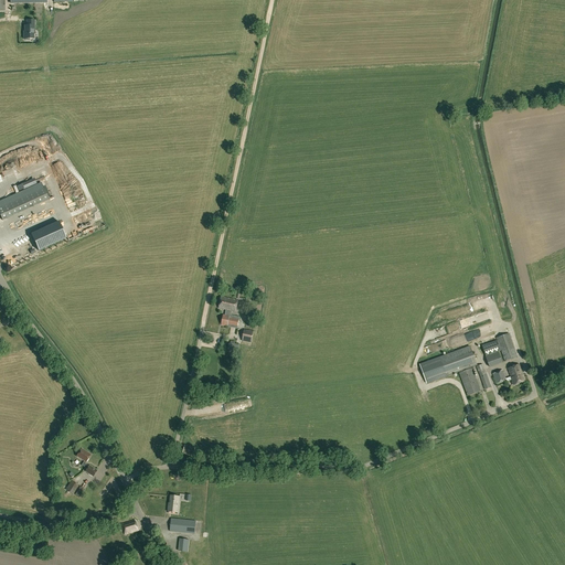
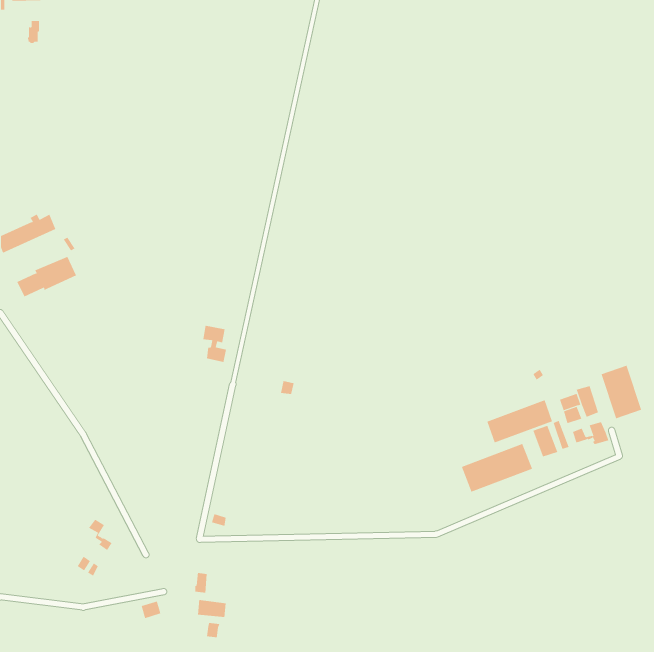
building: [218,295,239,327] -> [202,325,227,362]
building: none -> [601,365,642,419]
building: none -> [461,443,533,493]

